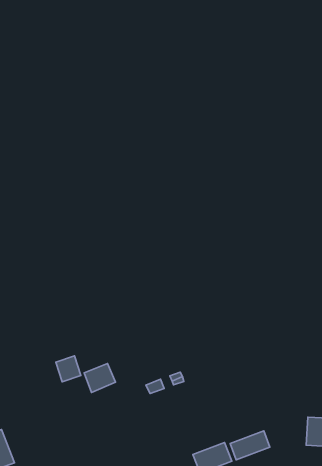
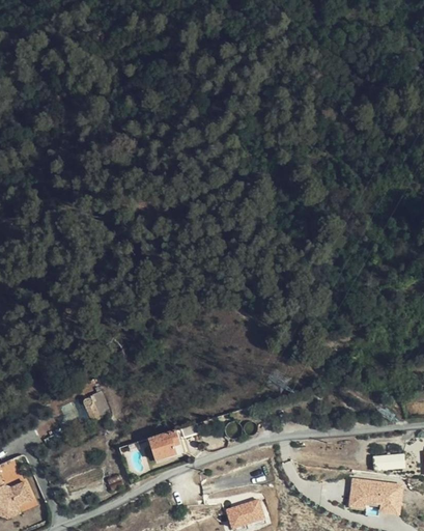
building: [84,364,116,393] -> [148,430,181,460]
building: [230,431,270,460] -> none

